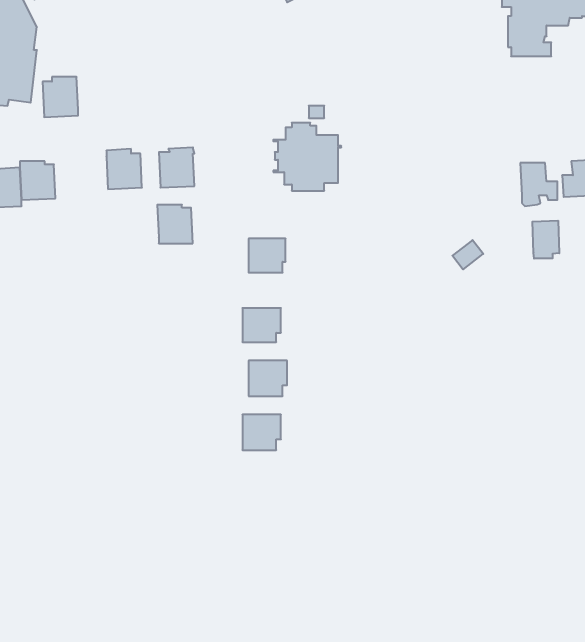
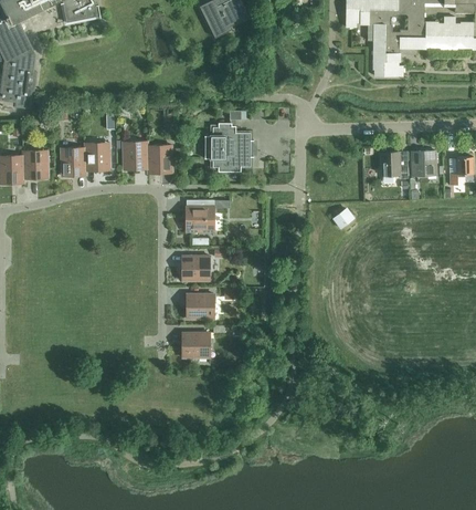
building: [43,77,78,117] -> [60,147,85,176]
building: [157,205,193,243] -> [146,145,171,173]
building: [532,221,559,259] -> none

